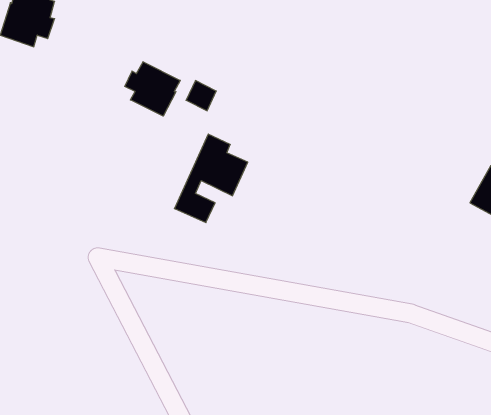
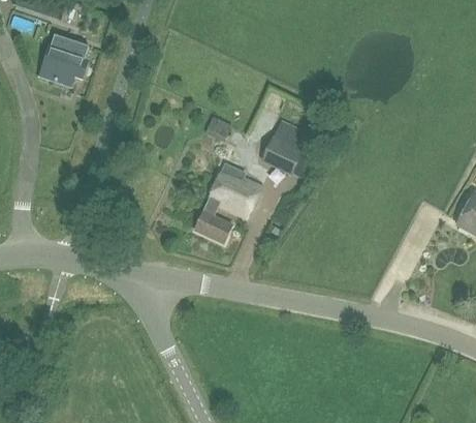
building: [125,62,180,116] -> none
building: none -> [260,120,317,180]

